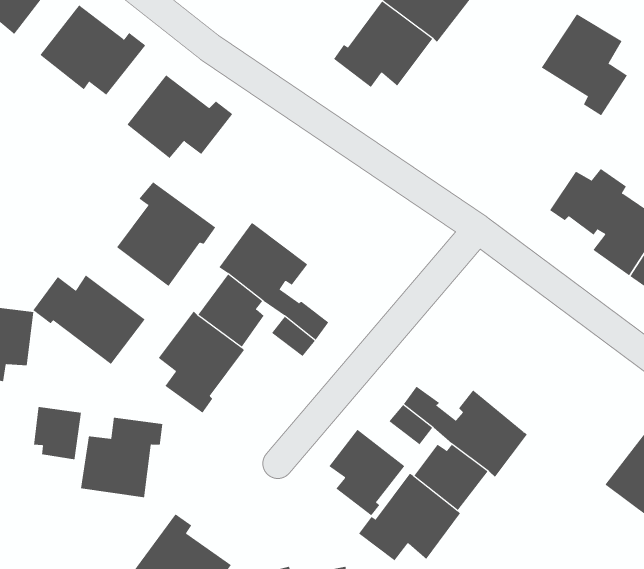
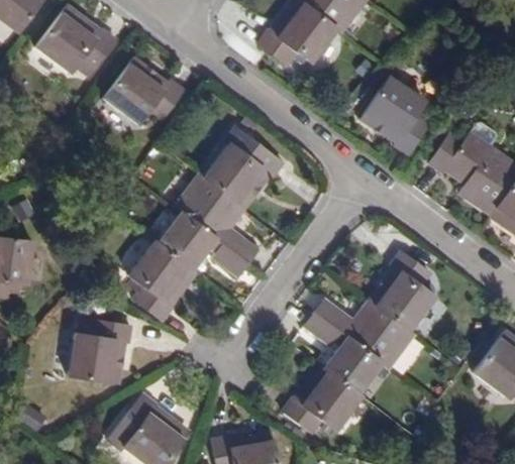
building: [541,13,628,116] -> [360,79,427,157]
building: [116,181,216,287] -> [203,124,280,205]
building: [33,274,145,365] -> none
building: none -> [370,252,435,333]
building: [34,406,82,460] -> none
building: [329,429,405,516] -> none

